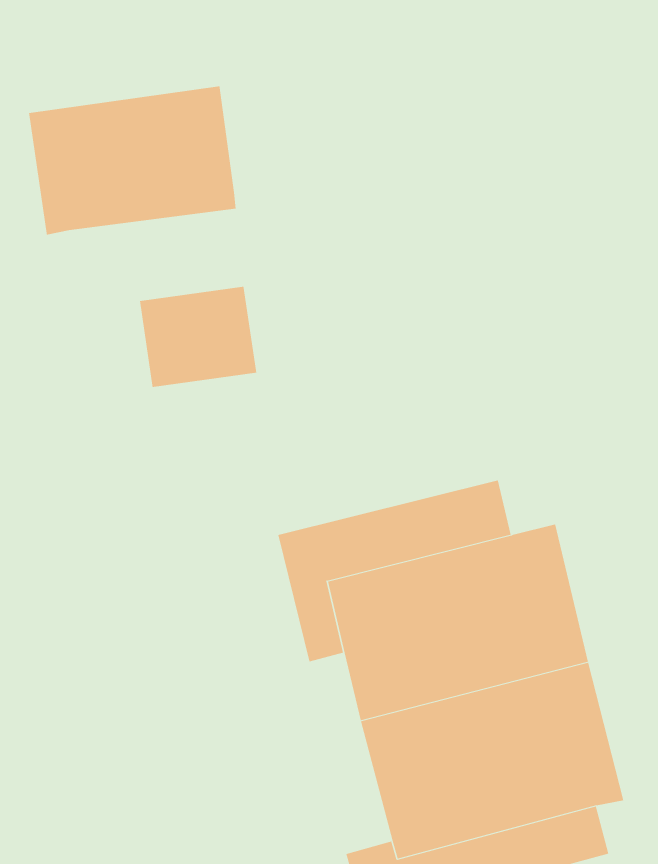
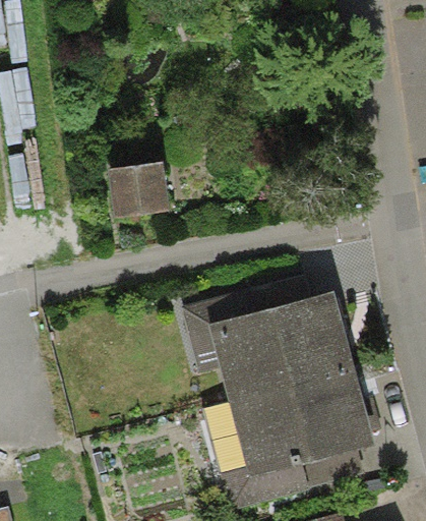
building: [29,86,236,236] -> none

